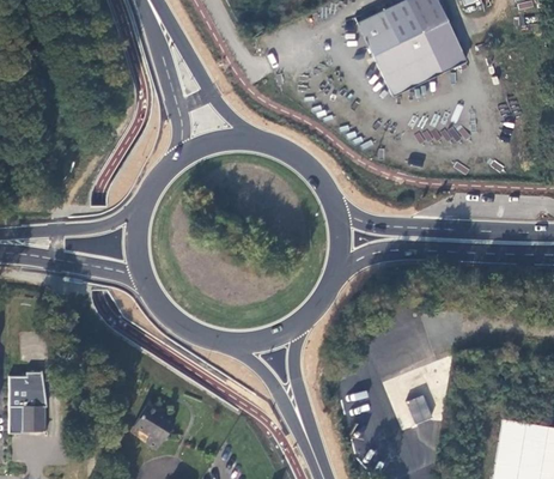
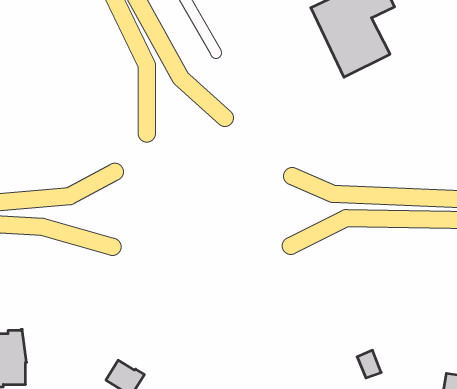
building: [421,20,467,72] -> none

